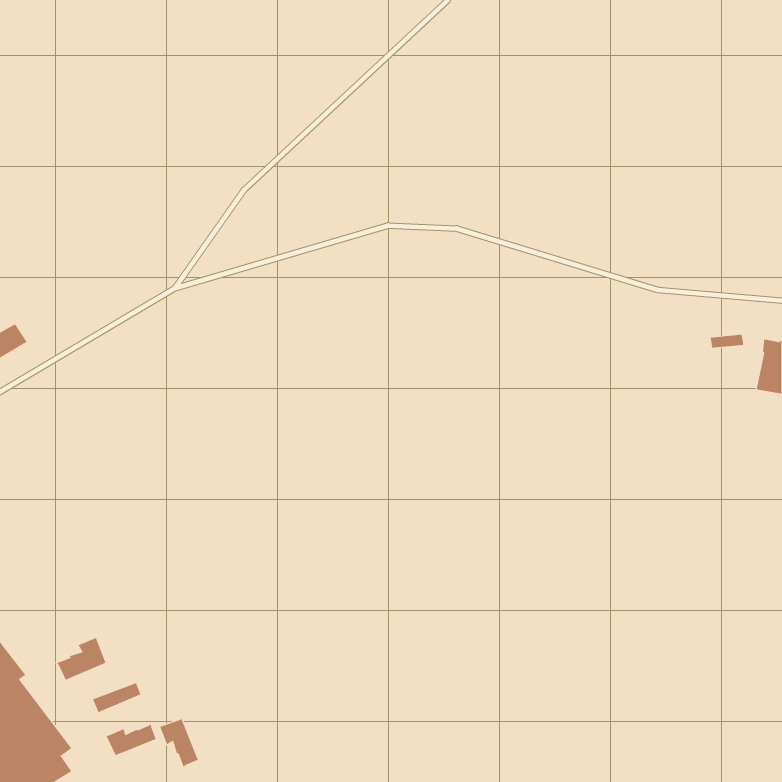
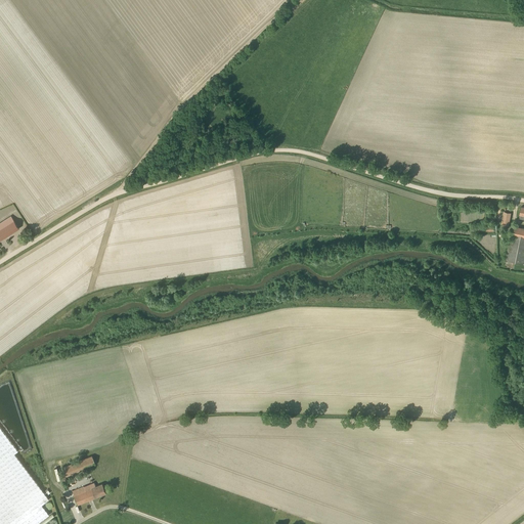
building: [56,637,106,681] -> none
building: [160,719,199,768] -> none

